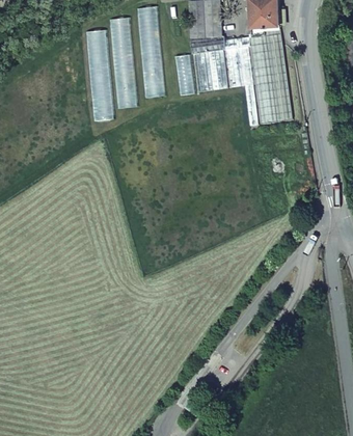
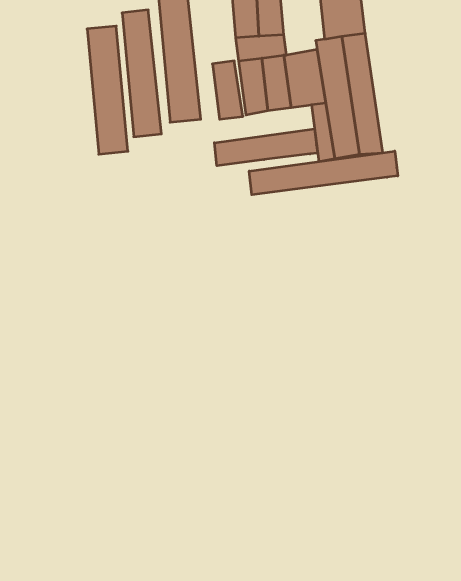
building: none -> [214,129,317,166]
building: none -> [249,151,398,195]

